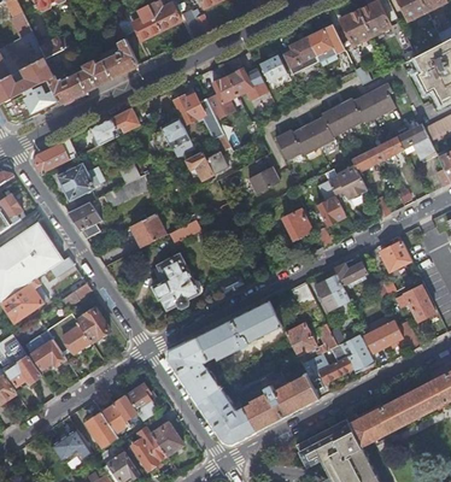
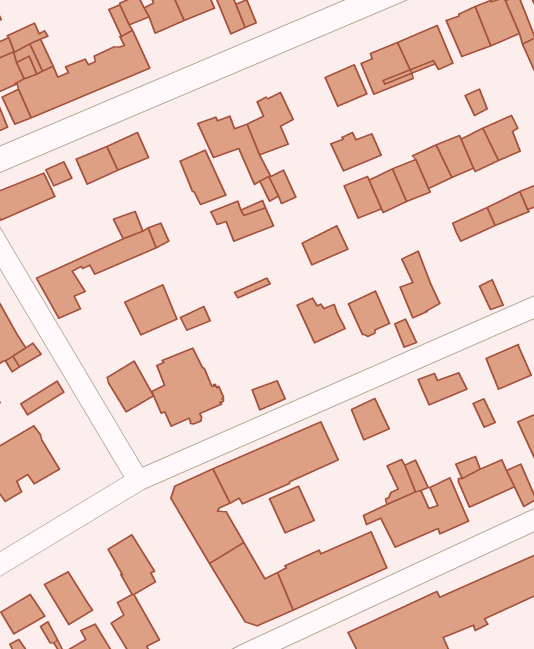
building: [228,69,263,95] -> [331,133,381,171]
building: [57,165,99,199] -> none
building: [324,166,365,202] -> none
building: none -> [297,298,345,343]
building: [315,276,348,311] -> none
building: [76,308,109,343] -> [107,361,154,412]
building: [285,324,316,357] -> [270,486,314,533]
building: [100,396,137,434] -> none
building: [146,416,183,457] -> none

